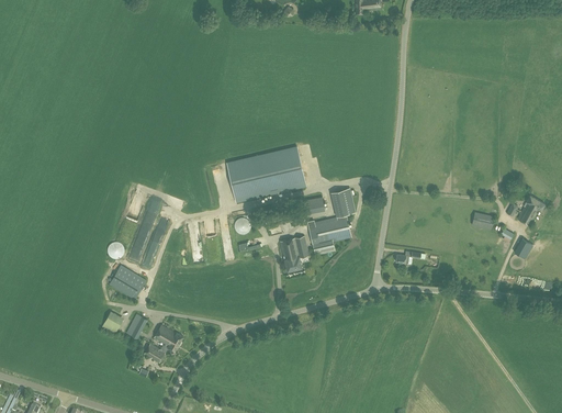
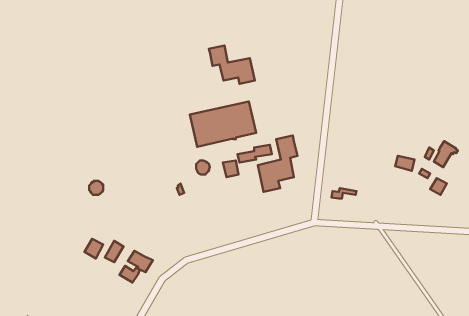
building: none -> [209,46,255,84]
building: [279,235,308,271] -> none
building: [106,265,146,300] -> none

